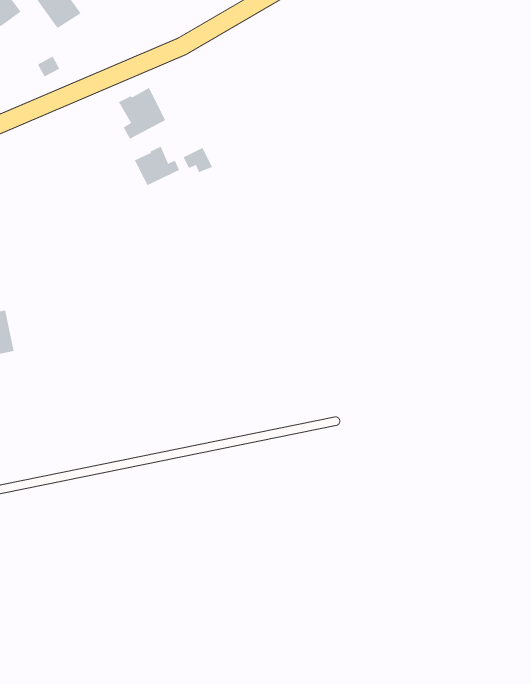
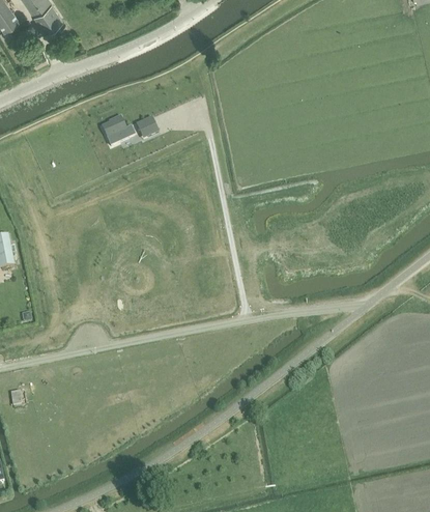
building: [118,87,166,140] -> none

